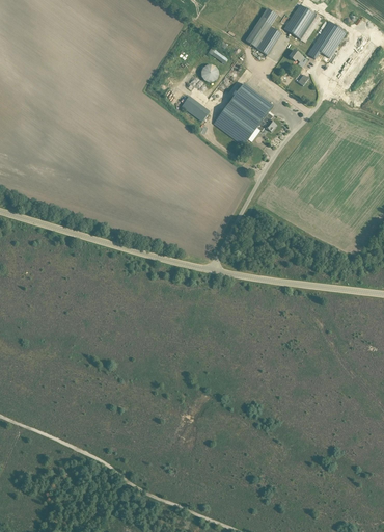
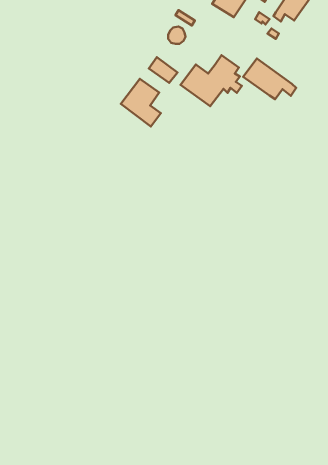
building: none -> [243,59,296,99]
building: none -> [121,79,161,126]

